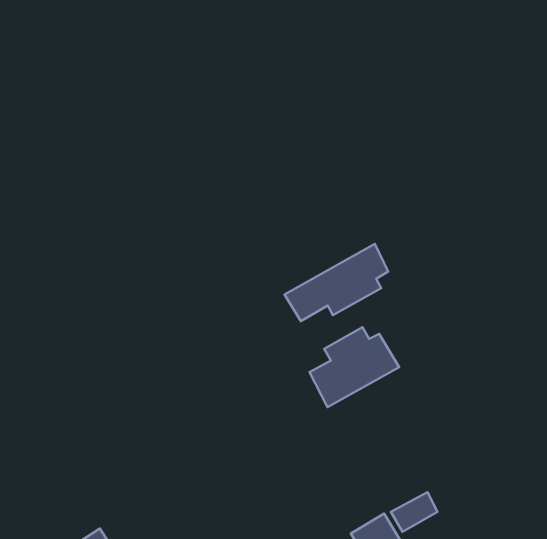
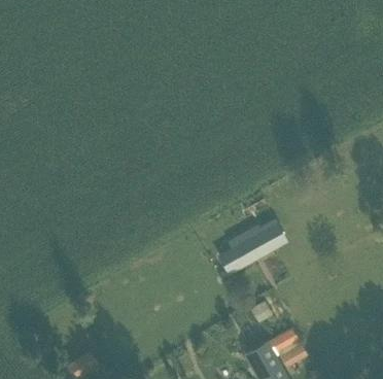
building: [284,244,388,321] -> none

